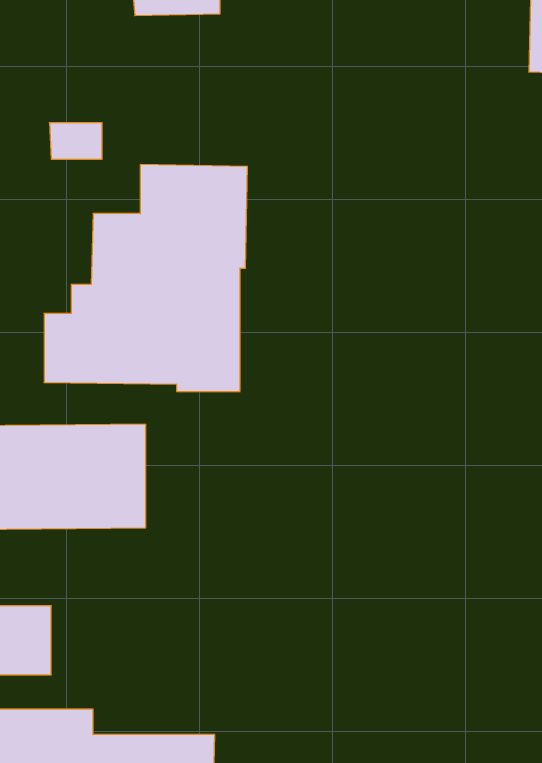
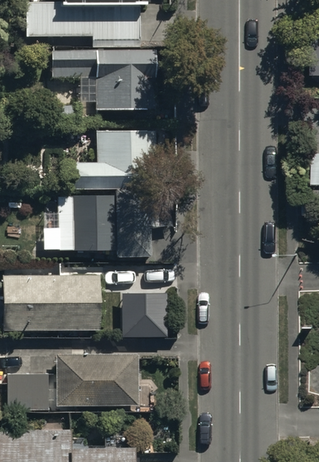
building: none -> [49,49,155,109]
building: none -> [121,298,168,341]
building: none -> [55,353,137,406]

